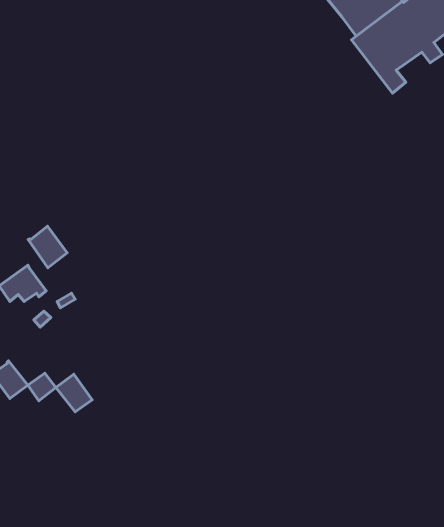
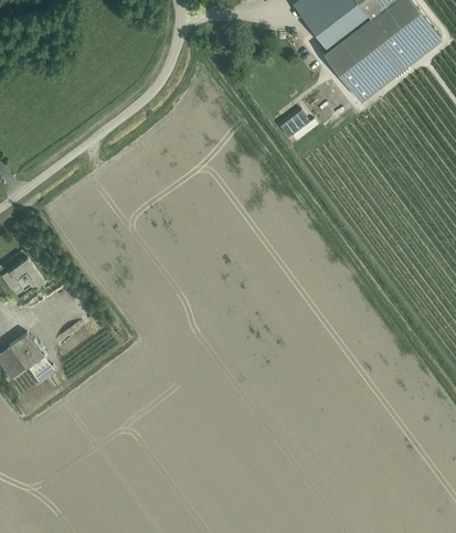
building: [28,226,67,268] -> none
building: [56,374,92,412] -> [10,331,43,365]

